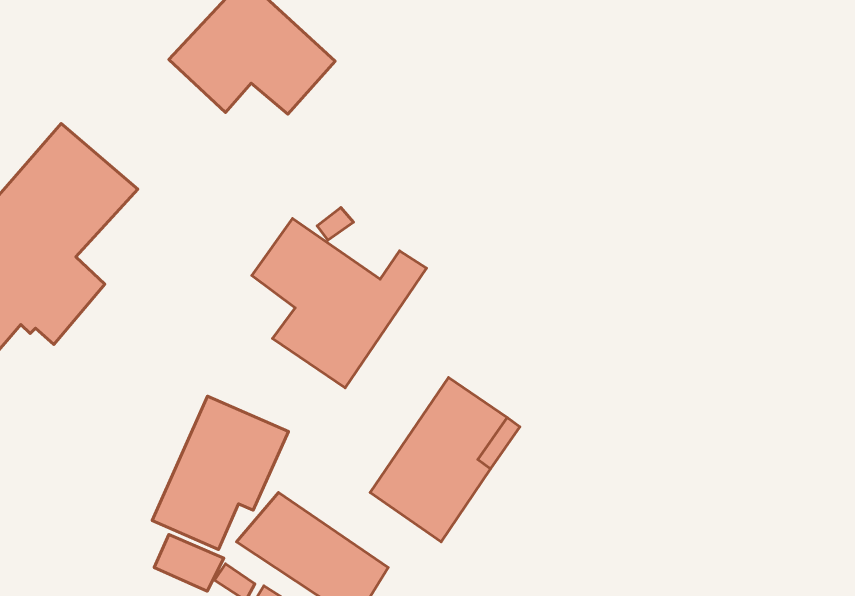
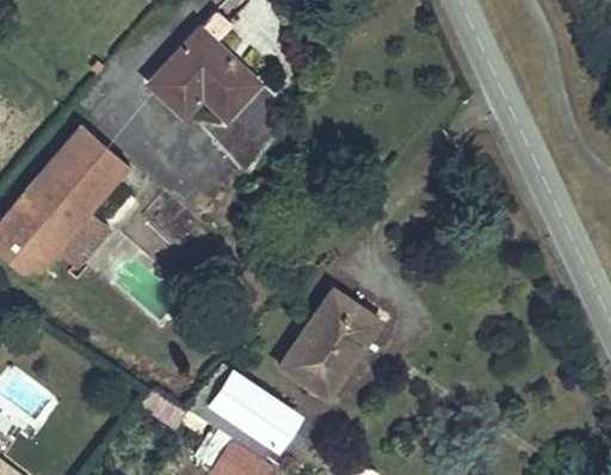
building: [252,219,427,388] -> none
building: [152,396,289,550] -> none

